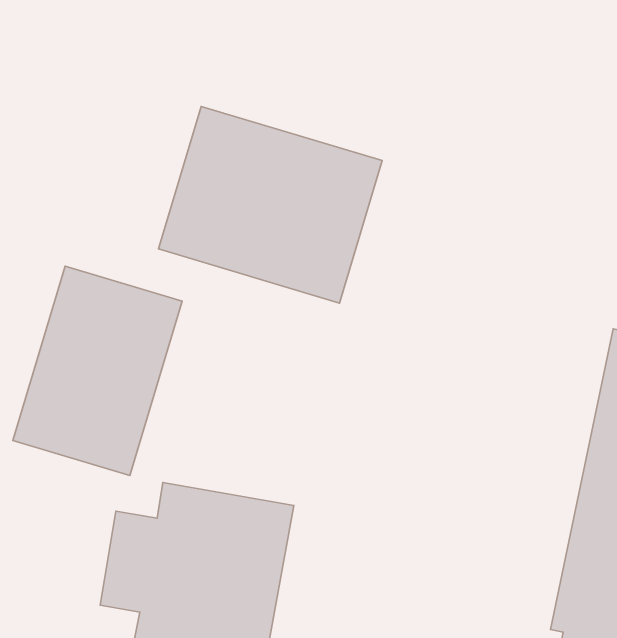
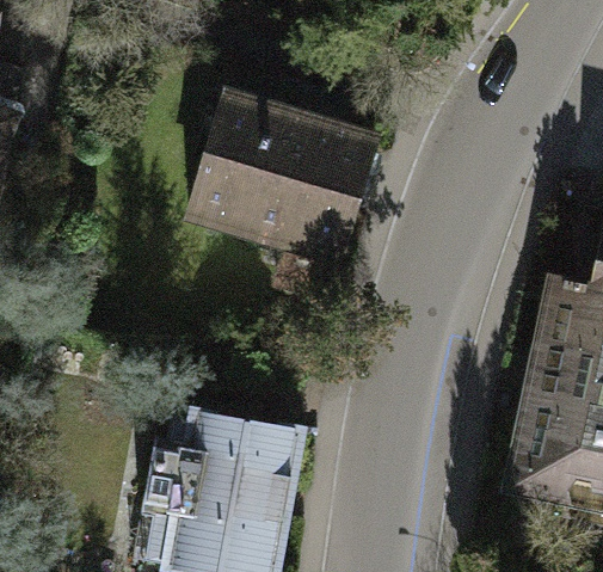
building: [13,266,182,475] -> none

